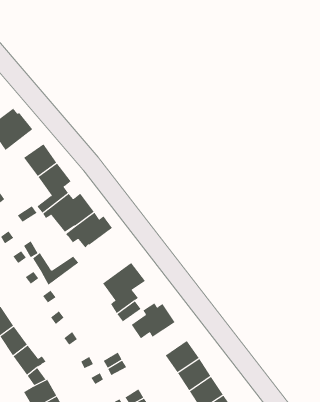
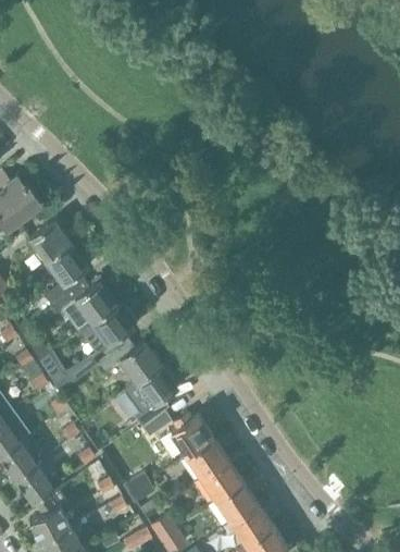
building: none -> [96,340,160,381]
building: none -> [185,437,227,477]

